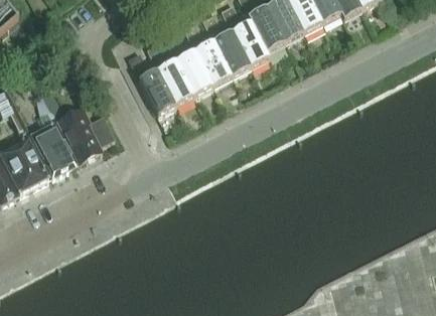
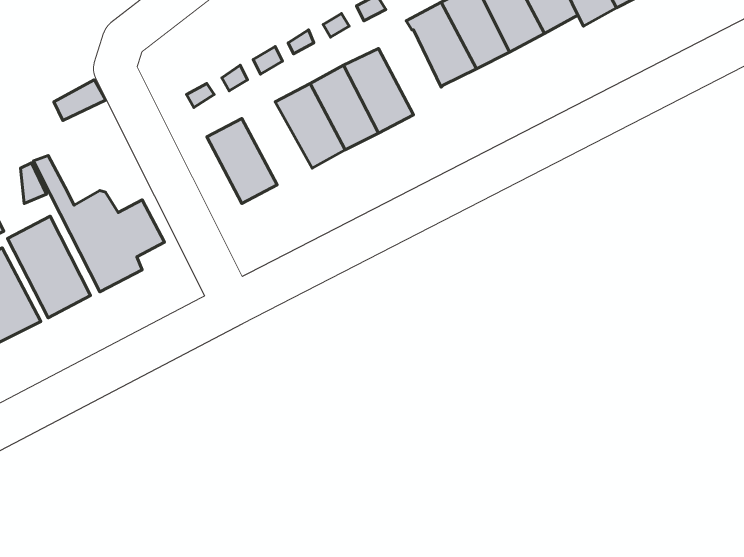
building: [232,19,270,65] -> none
building: [157,58,195,104] -> none

